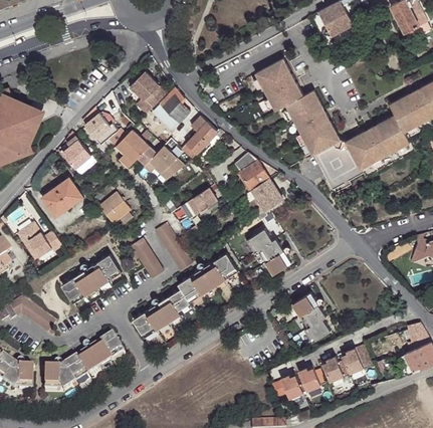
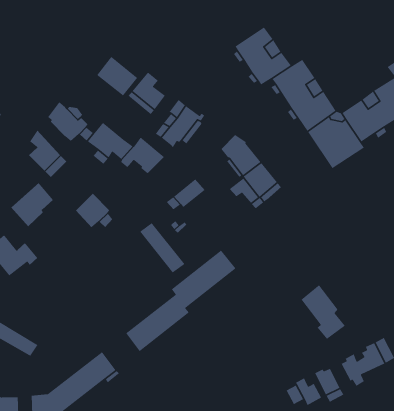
building: [247,228,291,273] -> none
building: [131,237,164,277] -> none
building: [62,254,122,302] -> none

